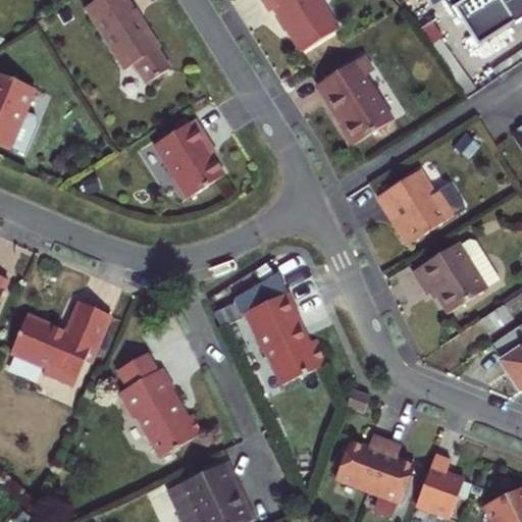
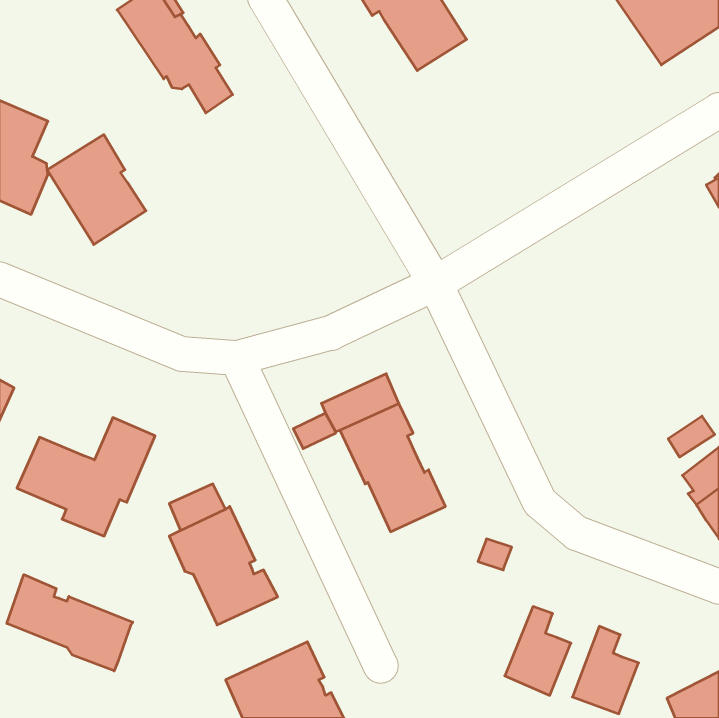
building: [317,54,393,145] -> none
building: [153,118,224,198] -> [47,135,146,245]
building: [378,168,465,245] -> none
building: [412,240,499,314] -> none
building: none -> [7,575,133,671]
building: [330,432,385,488] -> none

